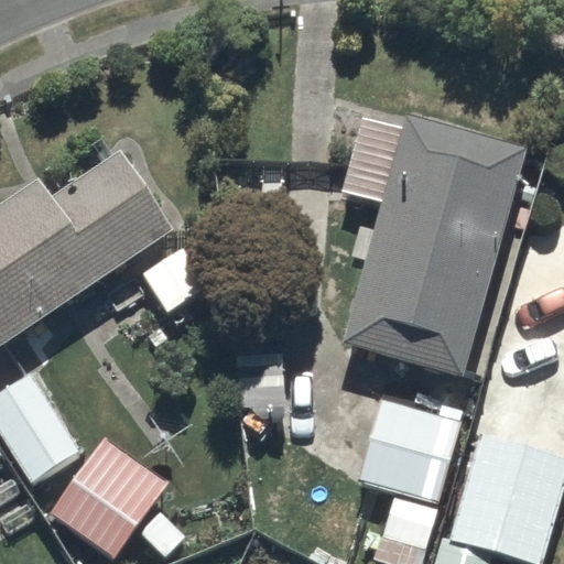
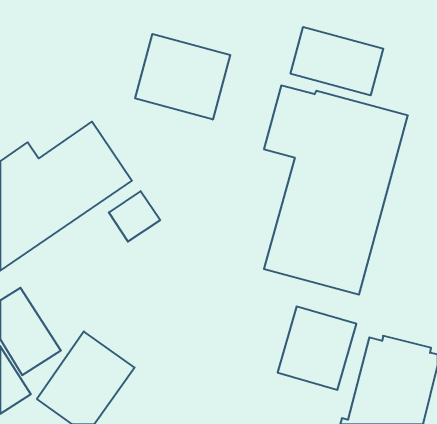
building: none -> [291,27,383,95]
building: none -> [135,34,230,120]

